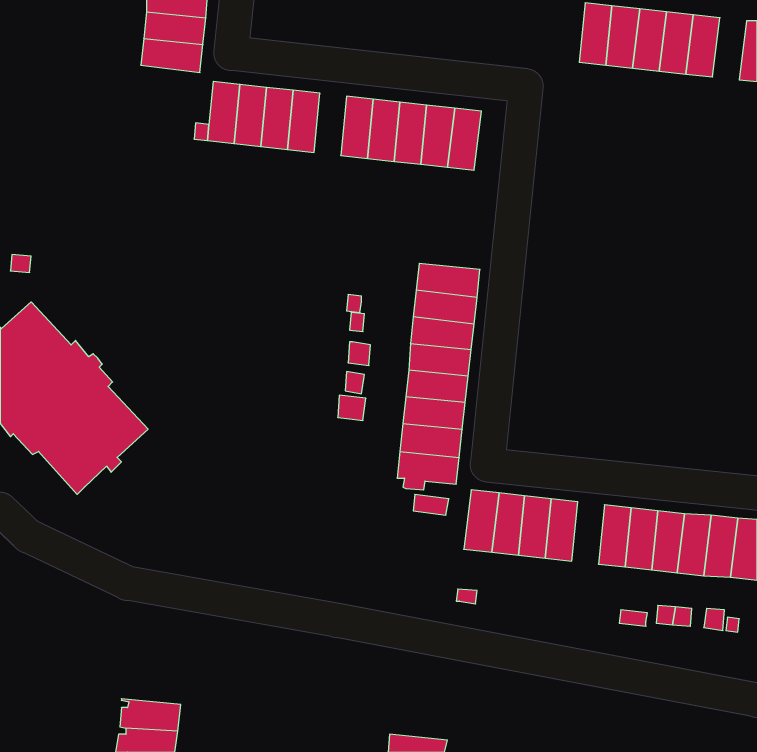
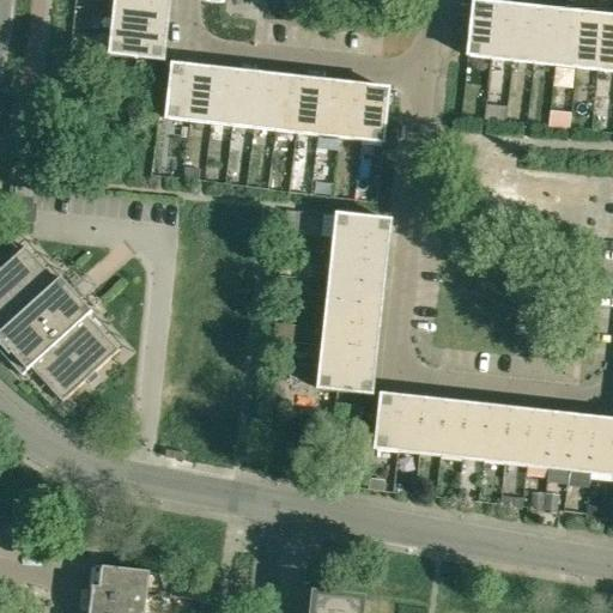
building: none -> [576,14,603,65]
building: none -> [254,75,280,126]
building: none -> [462,406,488,456]

